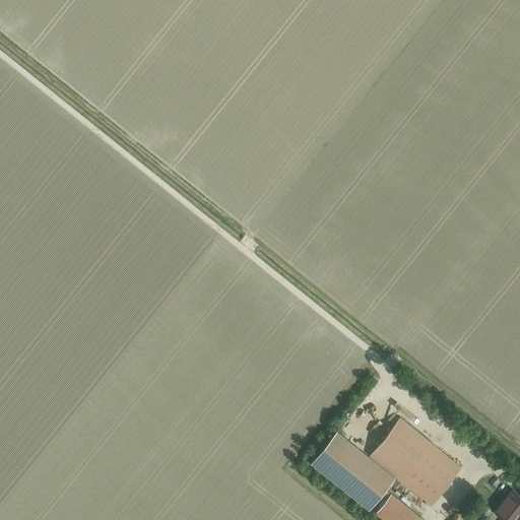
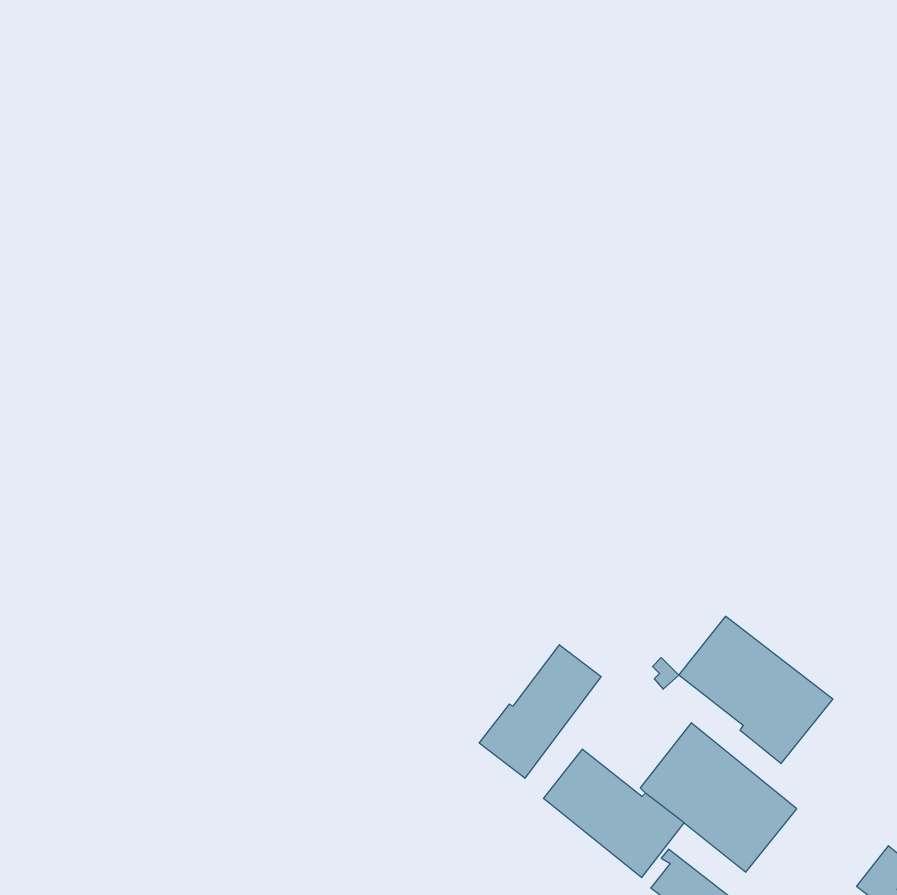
building: none -> [679,616,833,764]
building: none -> [479,645,601,778]

